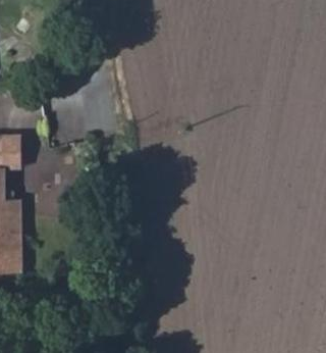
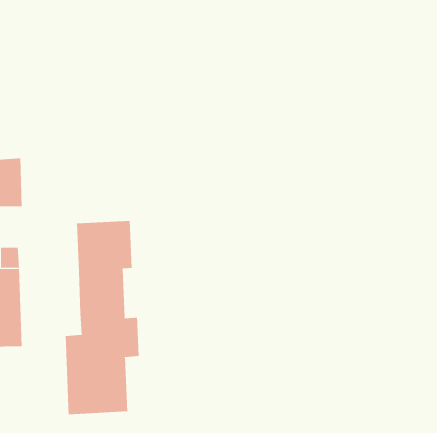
building: none -> [65,220,139,415]

